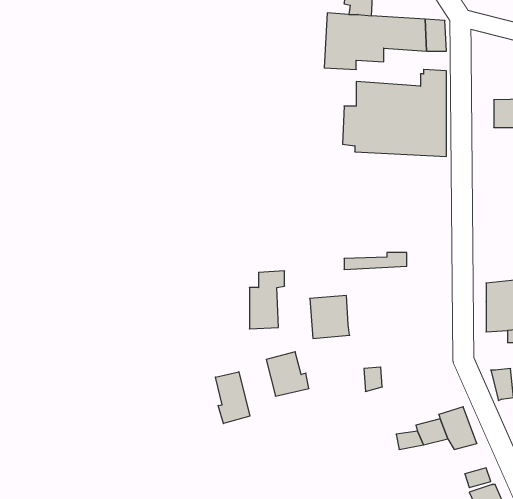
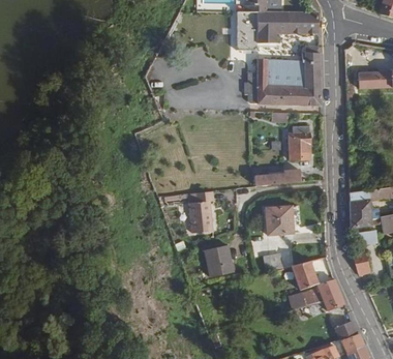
building: none -> [290,132,310,159]
building: [310,296,350,338] -> [263,203,290,232]
building: [215,372,250,424] -> none
building: none -> [290,258,315,286]

